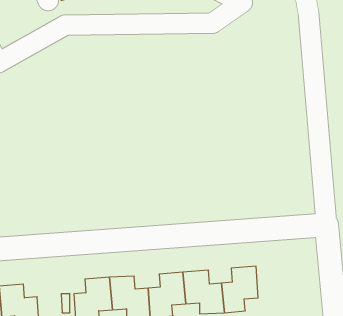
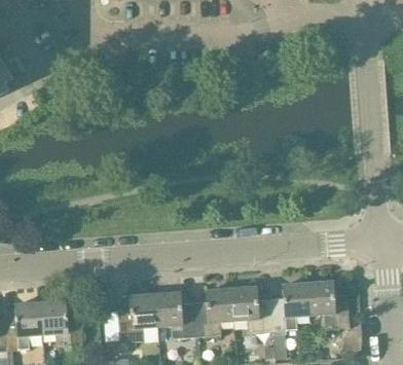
building: none -> [306,279,349,327]

